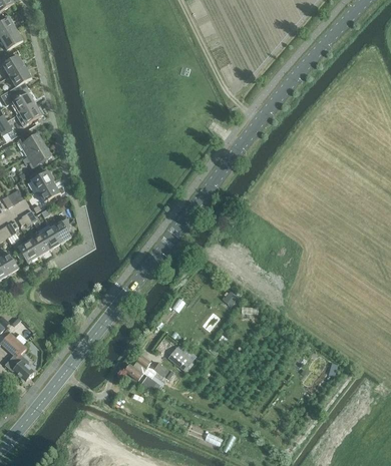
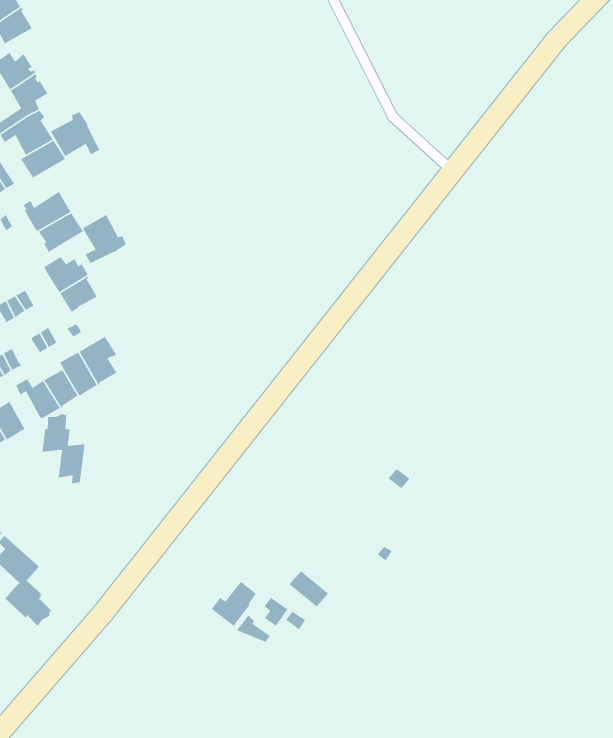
building: none -> [50,111,100,157]
building: none -> [82,214,127,264]
building: none -> [41,413,86,484]

